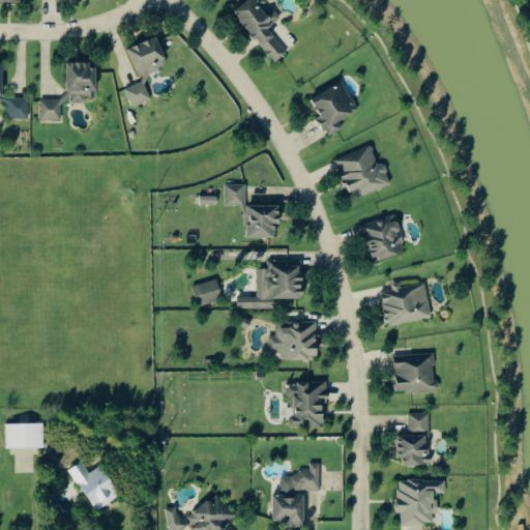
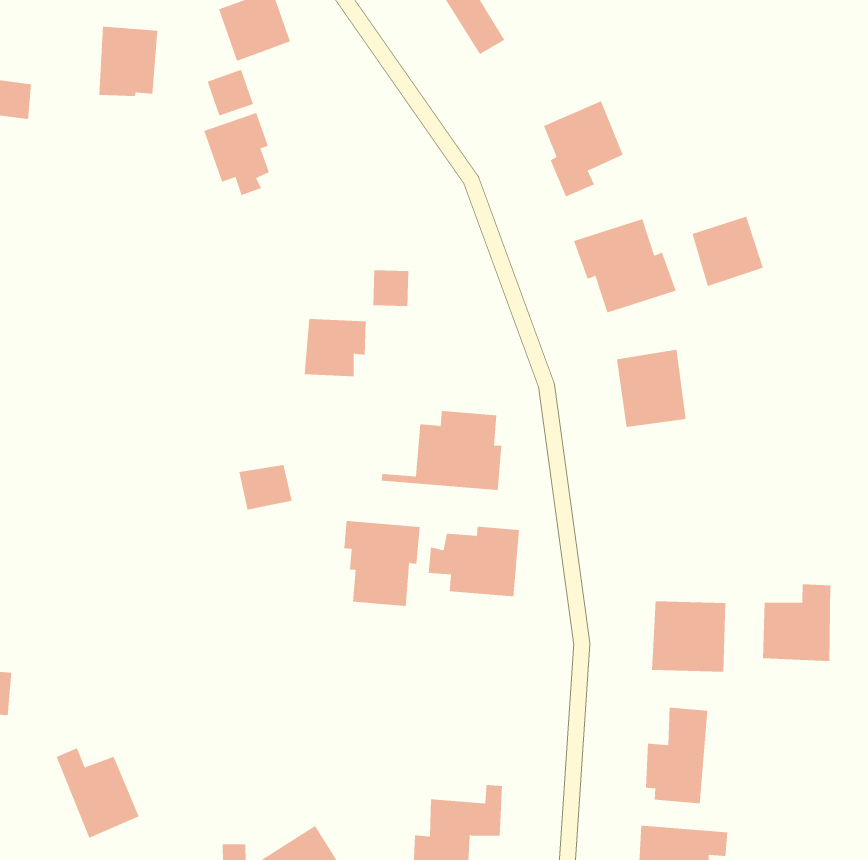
building: [39,98,60,120] -> none
building: none -> [204,112,269,196]
building: none -> [692,216,764,287]
building: [247,205,281,237] -> [304,318,366,377]
building: [192,279,223,306] -> [239,464,293,510]
building: [380,282,431,326] -> none
building: none -> [762,584,831,662]
building: [286,382,327,426] -> [343,521,420,606]

